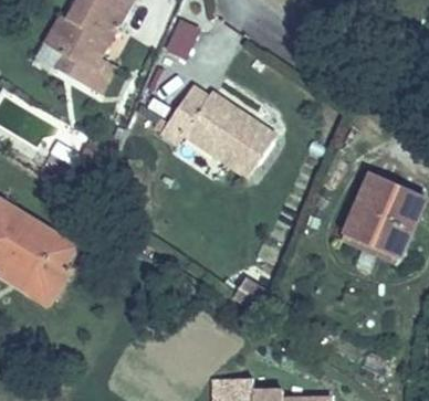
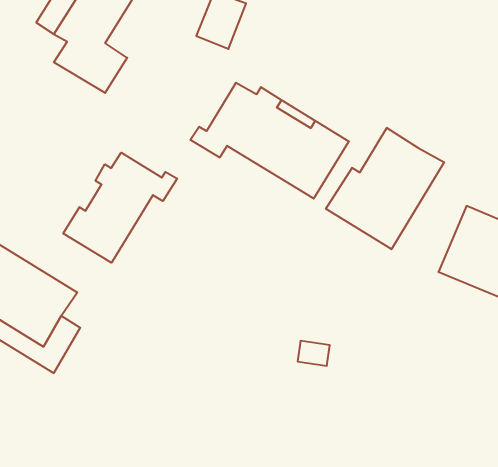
building: none -> [326,128,444,249]
building: none -> [63,153,177,263]

